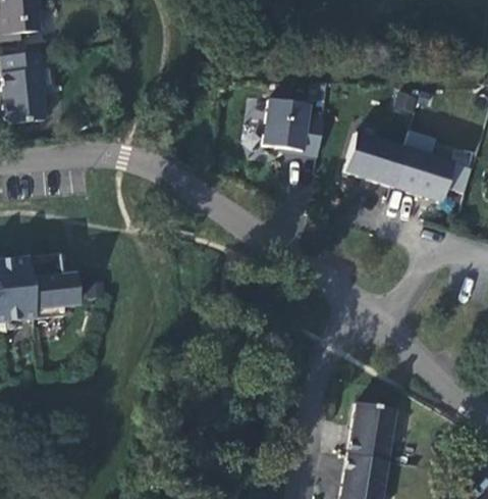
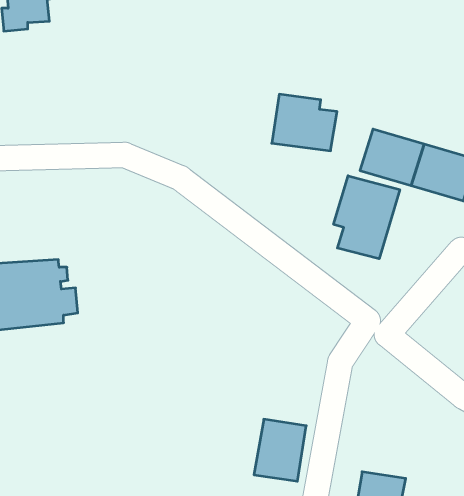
building: [11,52,61,122] -> none
building: none -> [334,176,400,259]
building: [344,401,393,459] -> [254,419,306,481]

